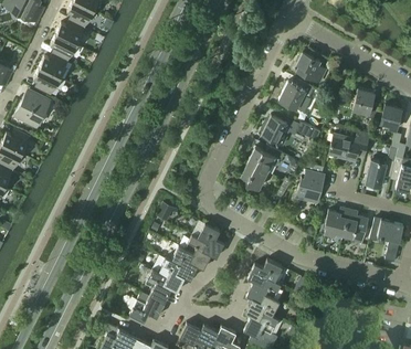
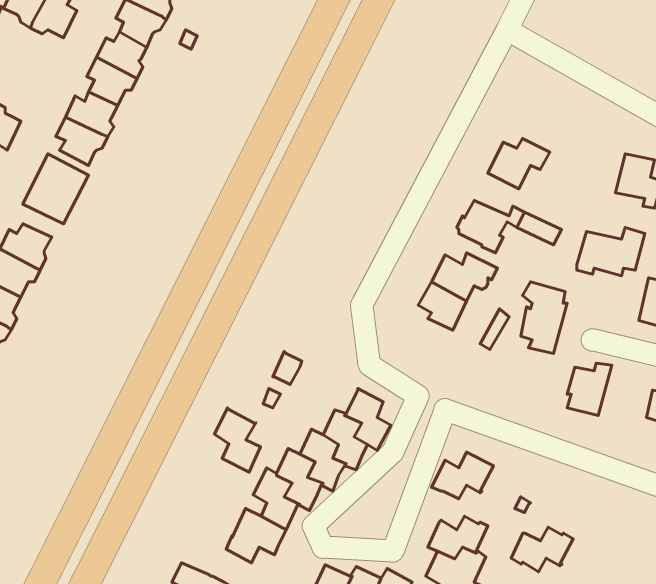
building: [297,51,328,83] -> none
building: [342,209,368,240] -> none
building: none -> [214,408,261,472]
building: [246,277,282,303] -> [511,527,573,572]

